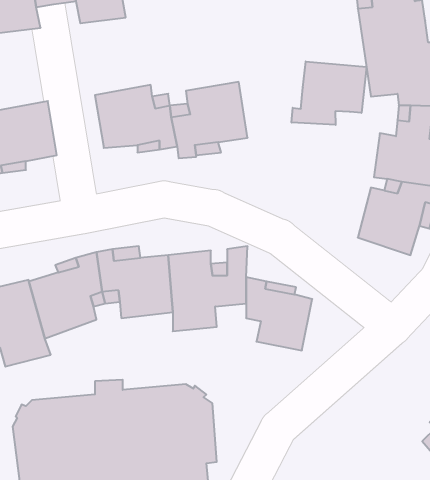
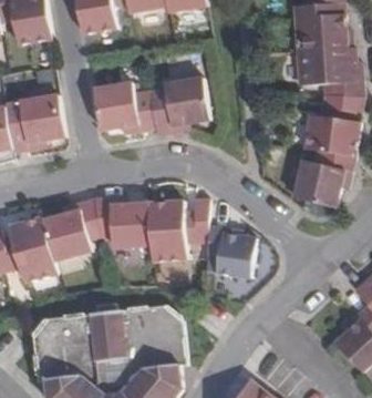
building: [292,61,366,125] -> none

